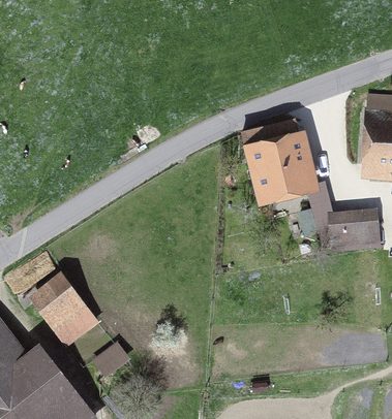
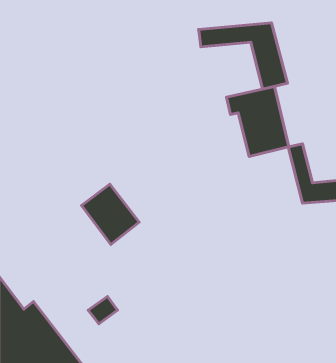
building: none -> [199,23,287,89]
building: [35,280,96,344] -> [82,184,139,244]

